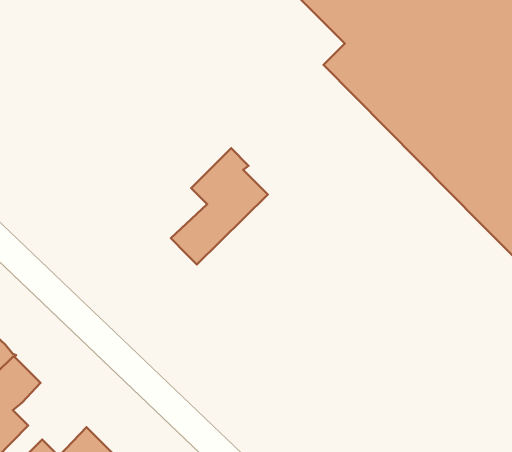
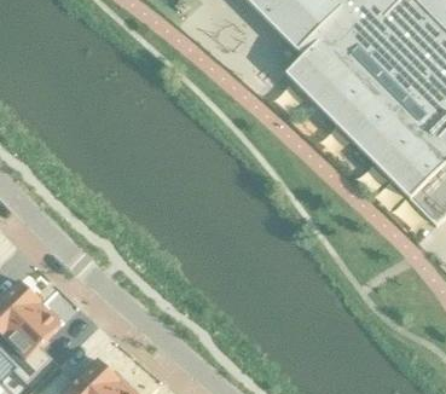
building: [171,148,268,265] -> none

